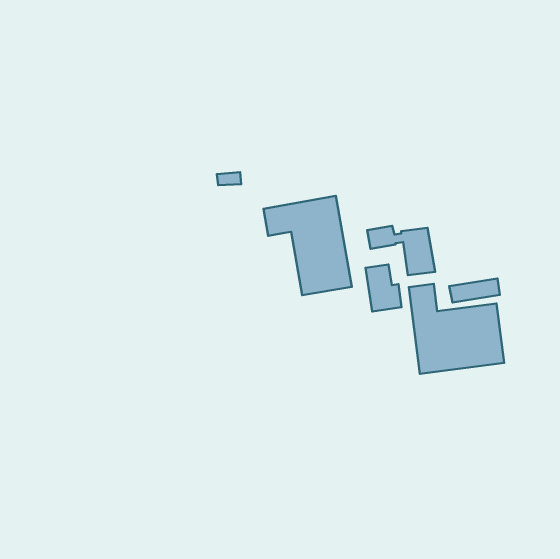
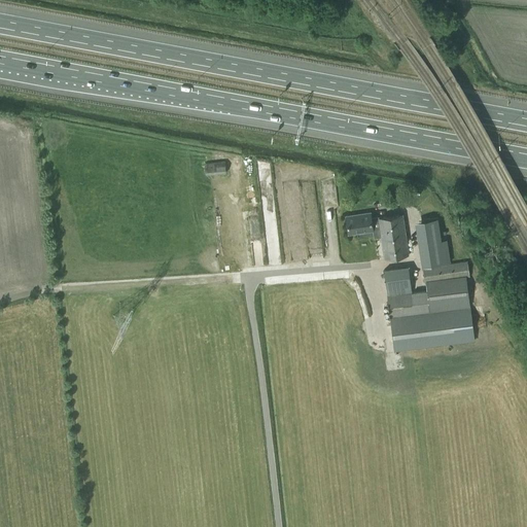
building: [264,196,352,295] -> none
building: [365,264,402,312] -> [416,223,450,268]

